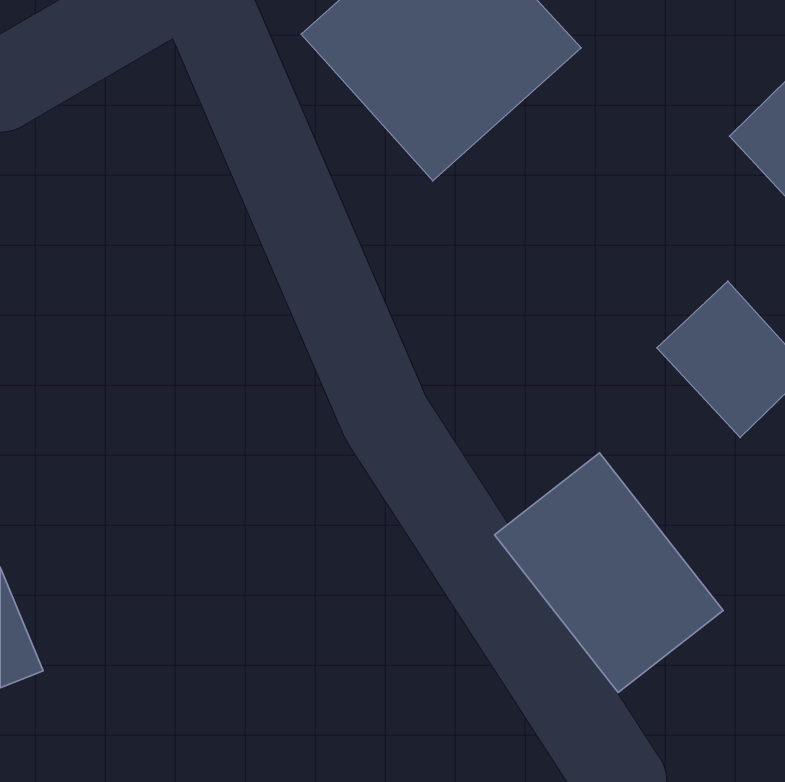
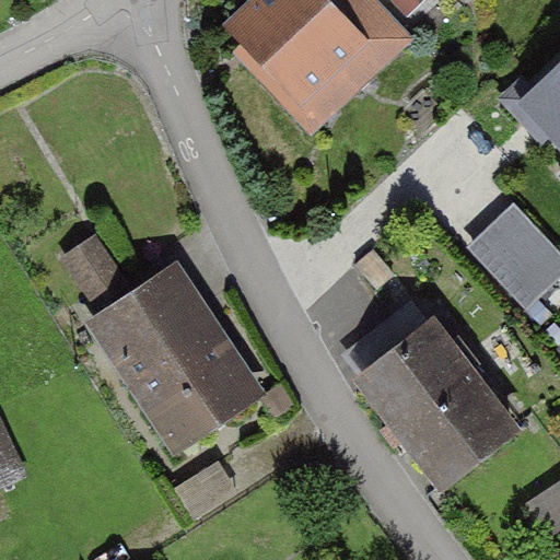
building: none -> [83,261,264,460]

